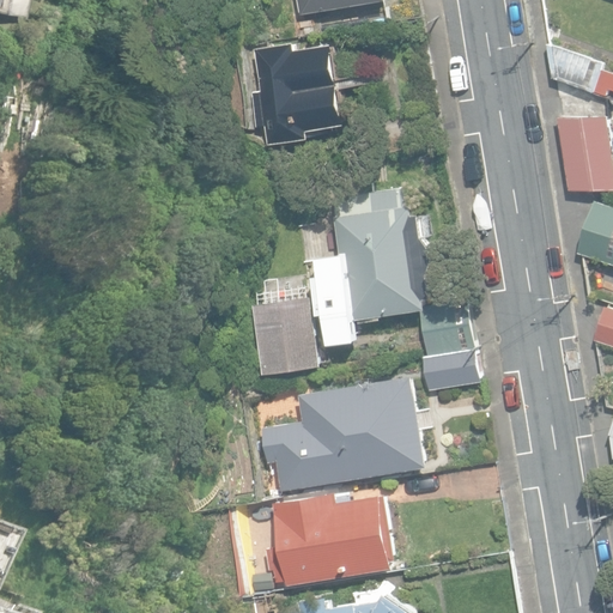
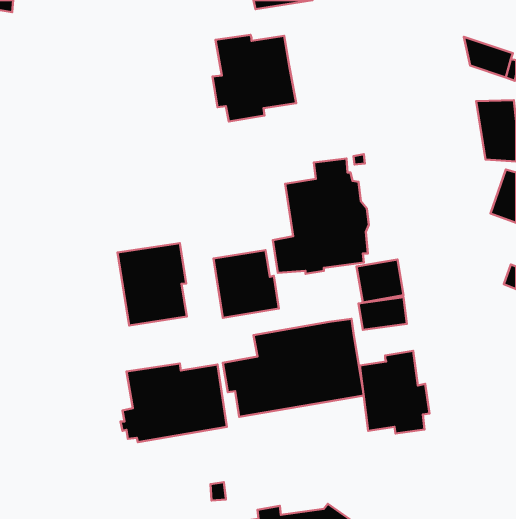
building: none -> [118,243,187,326]
building: none -> [360,351,429,434]
building: [266,493,390,585] -> [121,363,227,442]

